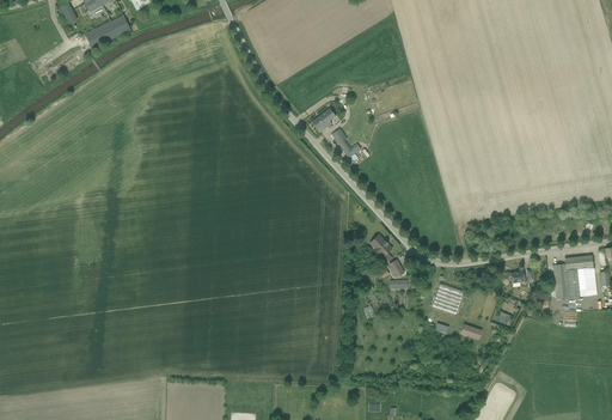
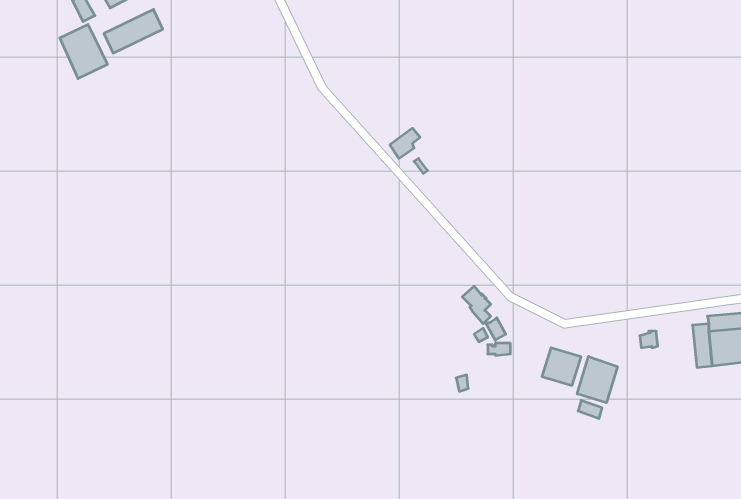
building: none -> [60,24,107,79]
building: none -> [577,356,617,403]

